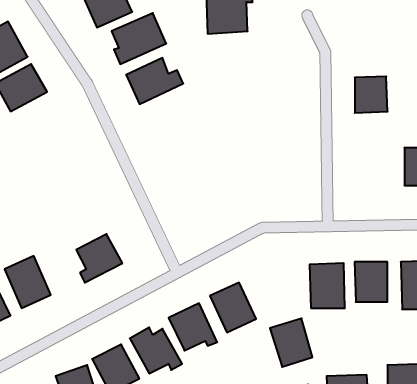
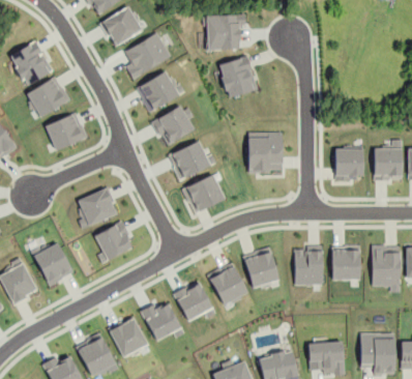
building: none -> [217,56,258,97]
building: [355,76,388,113] -> [335,148,363,179]
building: none -> [152,106,194,144]
building: none -> [45,112,87,150]
building: none -> [247,132,283,173]
building: none -> [168,140,215,179]
building: none -> [182,174,225,213]
building: none -> [76,187,117,229]
building: [270,318,312,367] -> [242,247,278,289]

